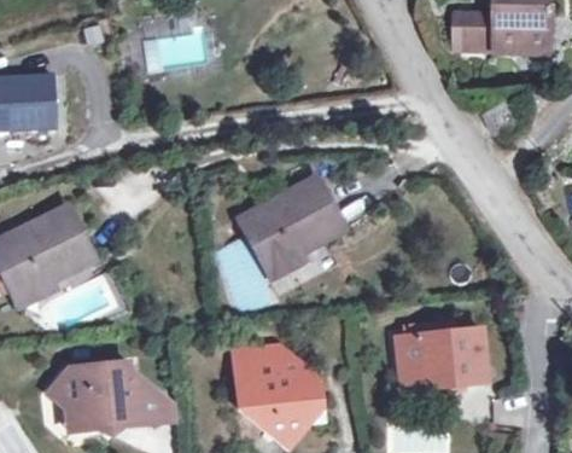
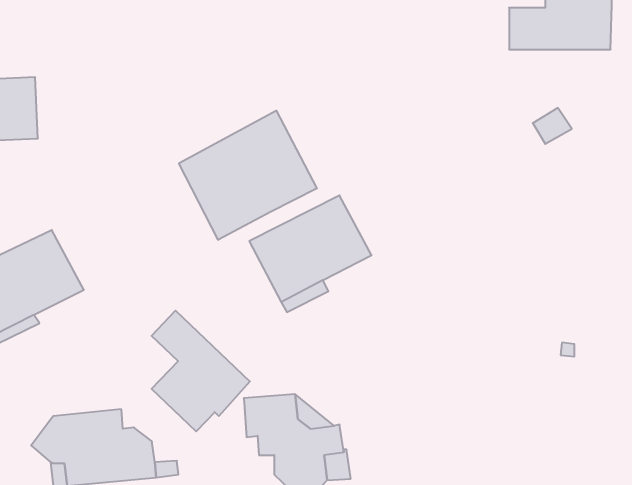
building: none -> [179,111,317,240]
building: none -> [152,311,250,431]
building: [397,329,486,387] -> none

